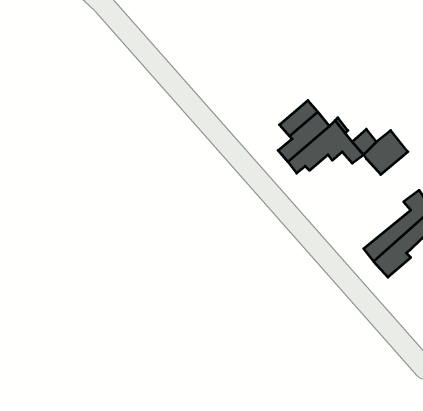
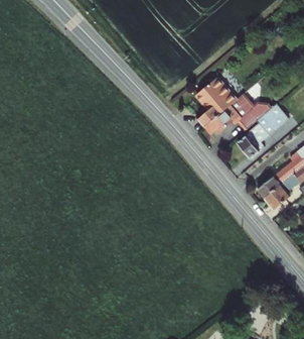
building: none -> [240,126,270,162]

